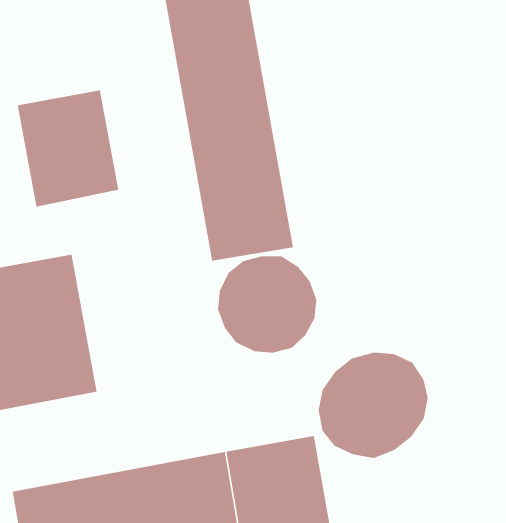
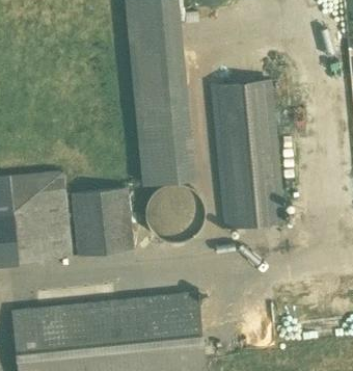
building: none -> [218,80,282,227]
building: [17,89,119,207] -> [74,188,131,256]
building: [318,352,429,459] -> none

